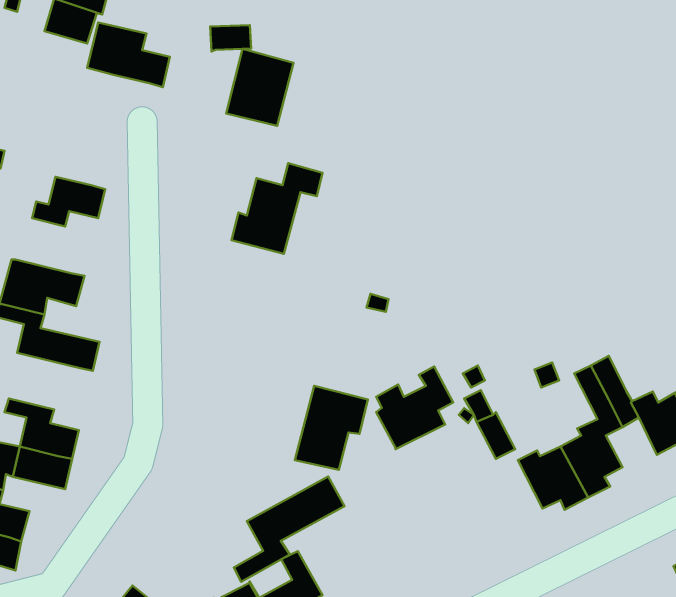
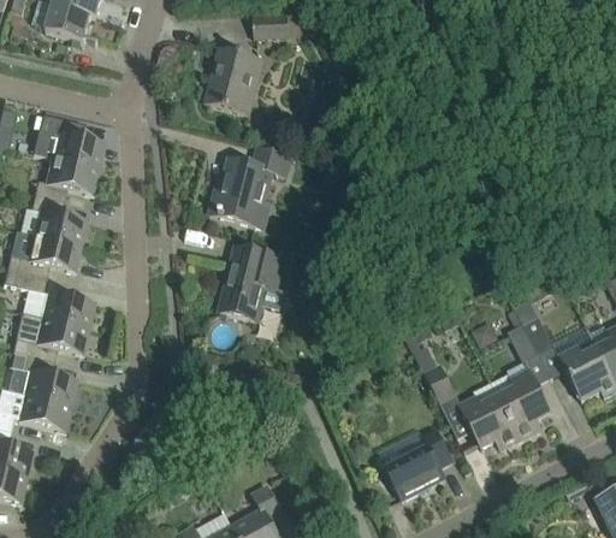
building: [87,23,170,87] -> [32,112,105,169]
building: [210,25,251,51] -> [253,14,289,37]
building: none -> [20,194,87,244]
building: none -> [12,312,88,361]
building: [376,367,453,449] -> [385,427,452,499]
building: [295,386,368,470] -> [219,246,283,319]
building: [234,477,344,582] -> none

